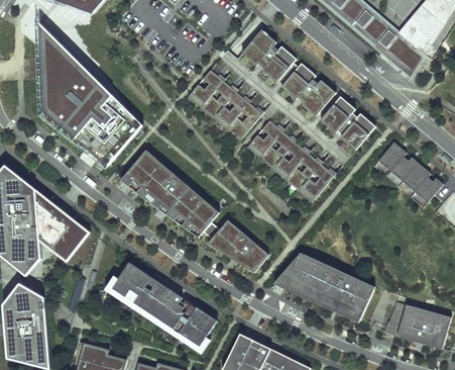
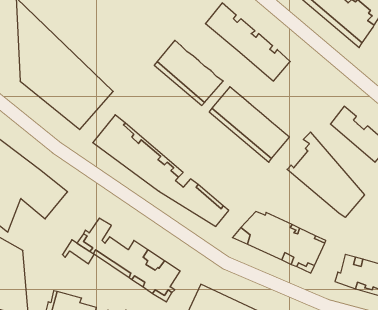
building: [322,95,375,148] -> none
building: none -> [287,132,364,217]
building: [131,270,165,296] -> [62,240,94,264]

